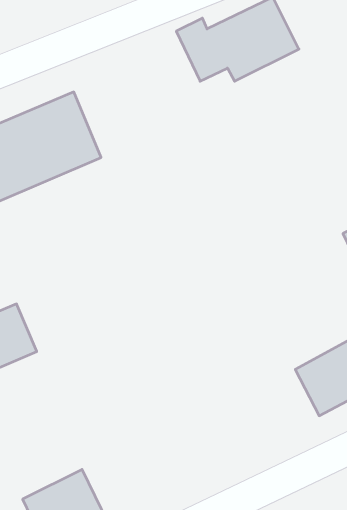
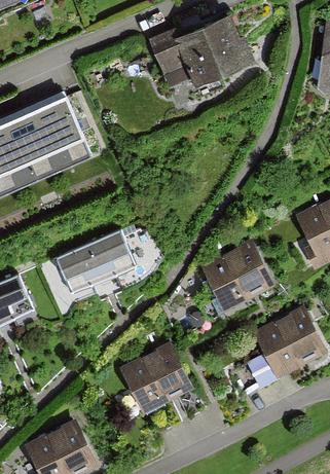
building: none -> [56,232,135,293]
building: none -> [198,238,273,309]
building: none -> [119,341,190,408]

